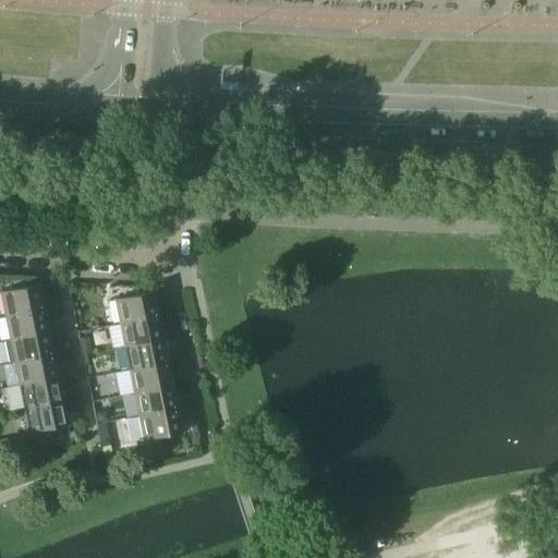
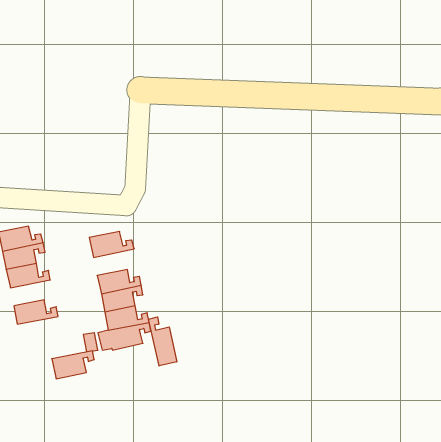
building: [118,314,171,348] -> none
building: [13,353,65,386] -> none
building: [22,399,75,434] -> [52,351,94,379]
building: none -> [148,317,177,366]

